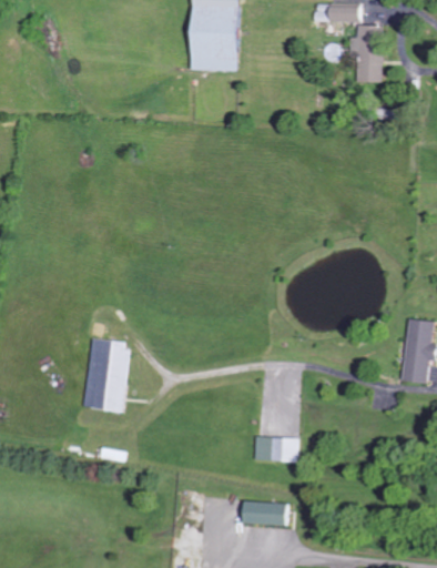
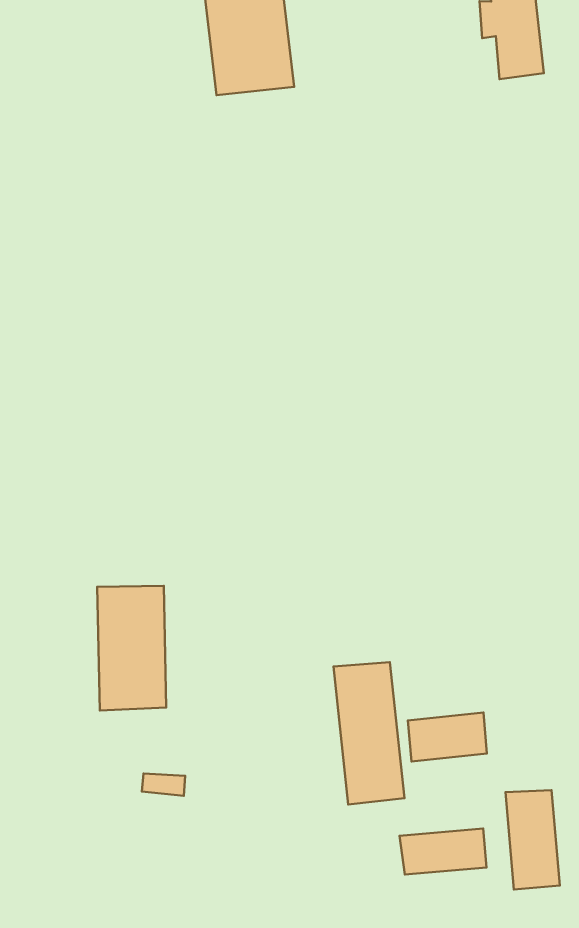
building: none -> [333,662,404,805]
building: none -> [505,790,560,890]

